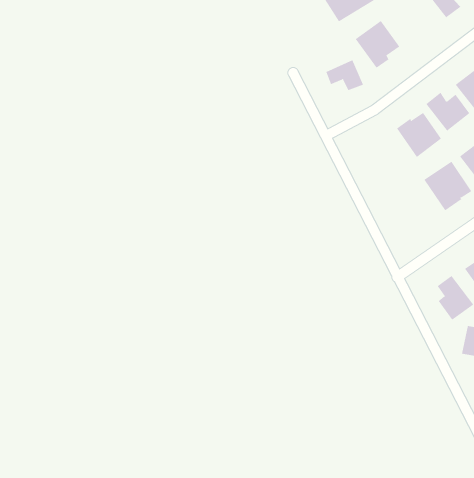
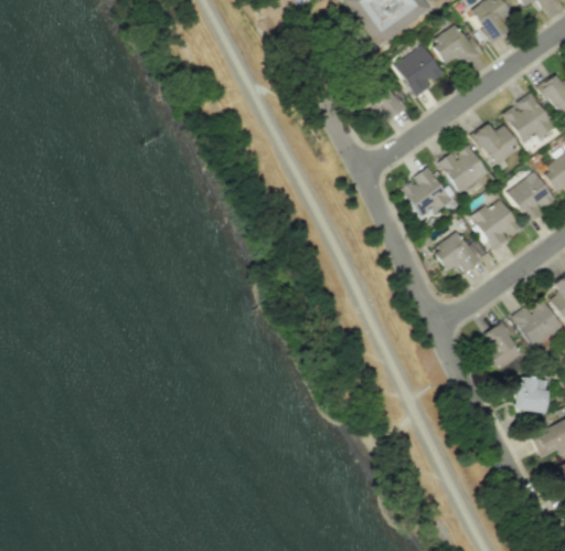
building: none -> [431,27,483,65]
building: none -> [402,166,452,216]
building: none -> [434,231,490,273]

